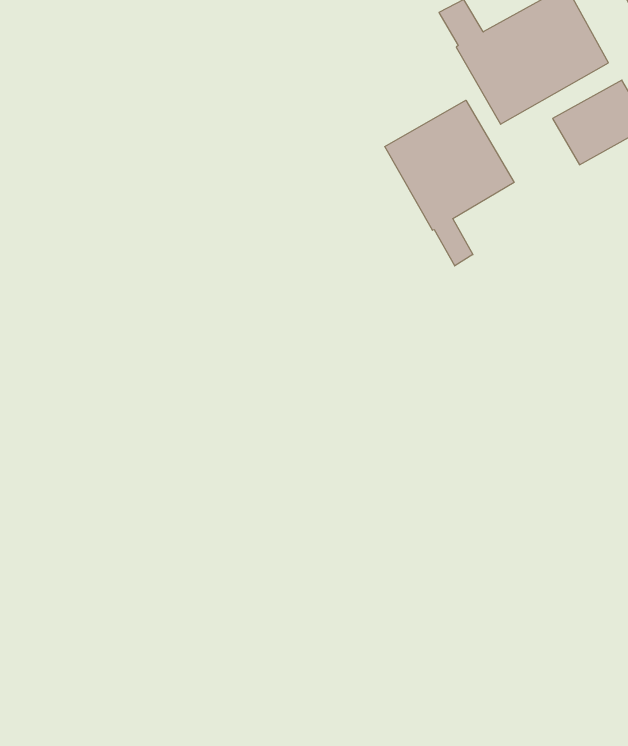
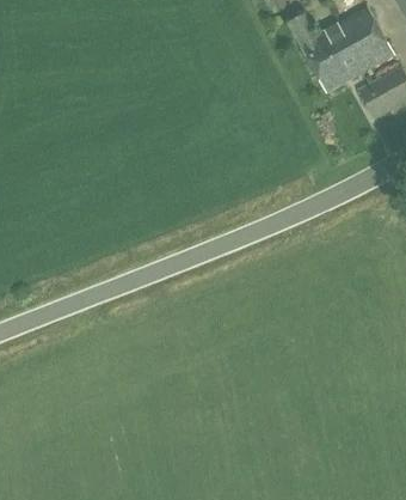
building: [385,100,514,266] -> none

